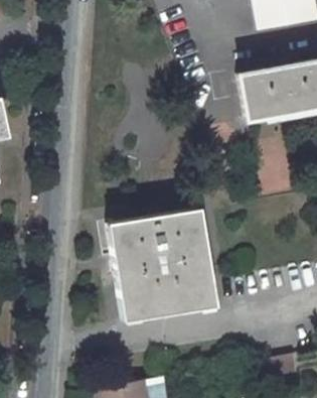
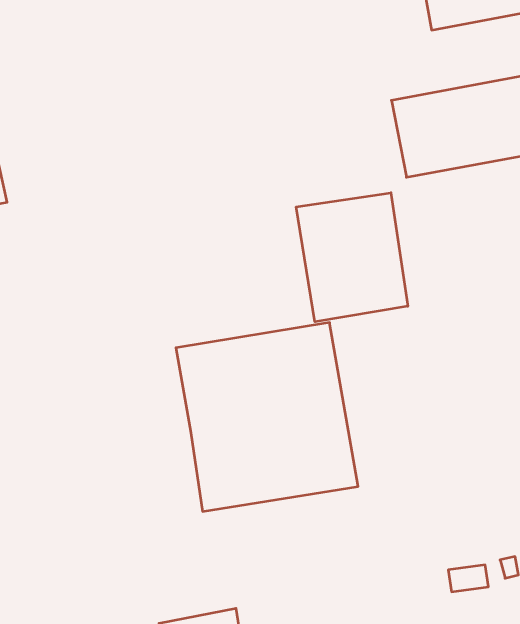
building: none -> [296,193,408,322]

